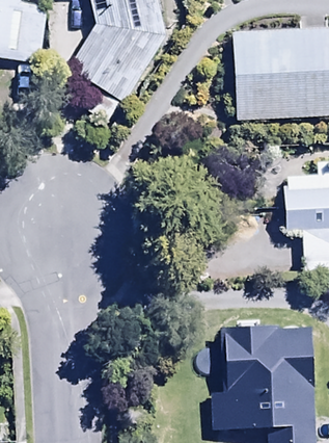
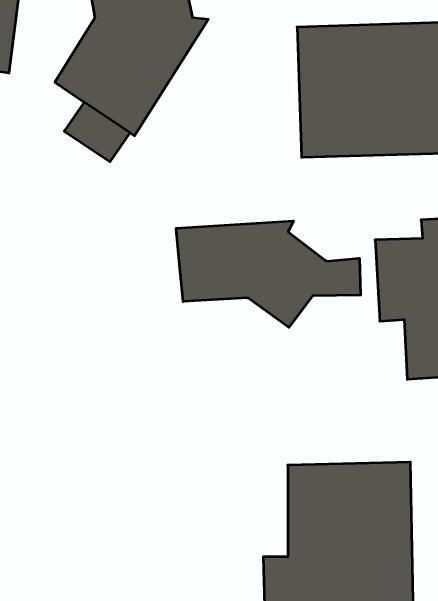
building: none -> [176,221,361,327]

